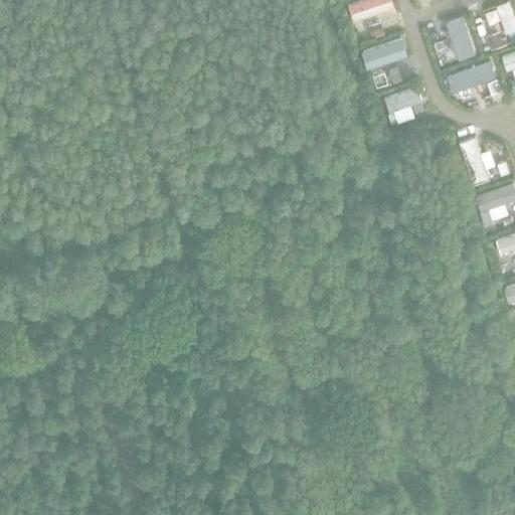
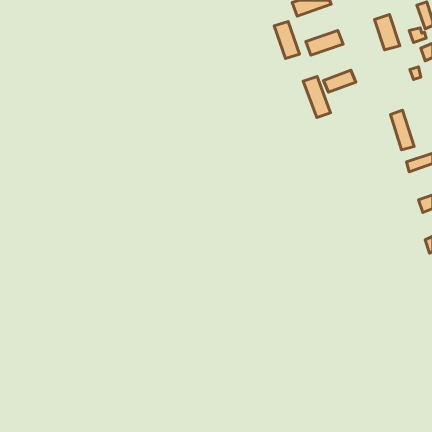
building: none -> [274,22,299,58]
building: [445,61,496,94] -> none
building: none -> [303,77,331,117]

